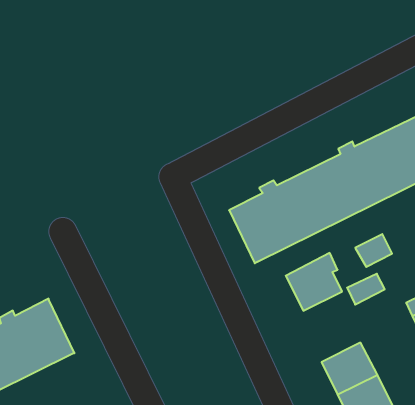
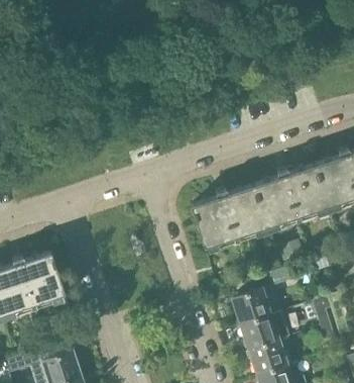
building: [286,253,342,311] -> [233,288,272,327]

